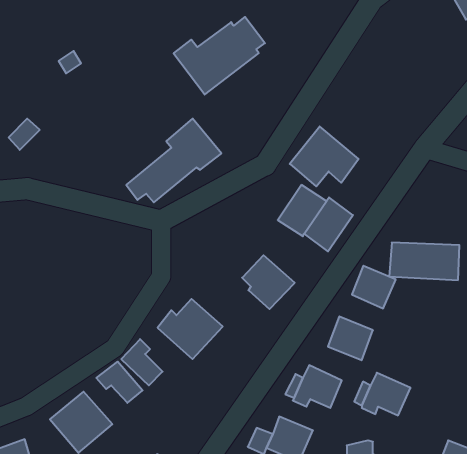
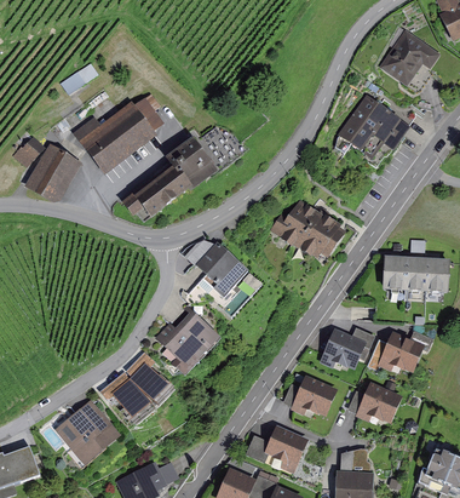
building: none -> [379,30,439,87]
building: [174,17,265,95] -> [76,98,165,173]
building: [290,126,359,186] -> [343,97,409,155]
building: none -> [27,147,77,200]
building: [242,255,295,309] -> [196,244,247,296]
building: [352,266,396,308] -> [381,332,424,373]

